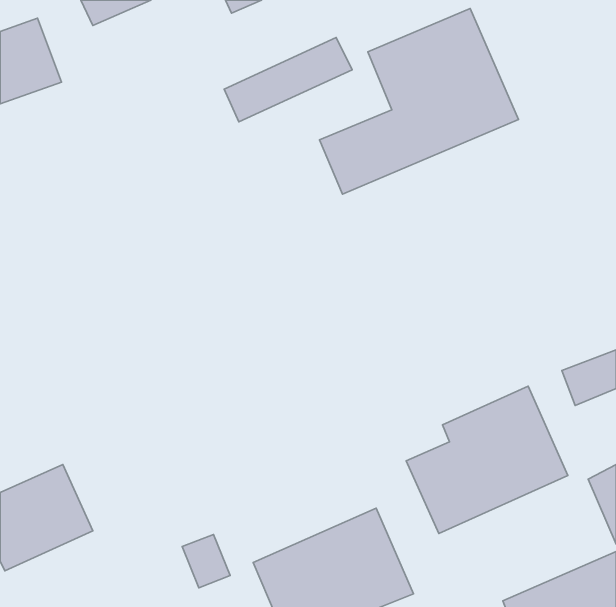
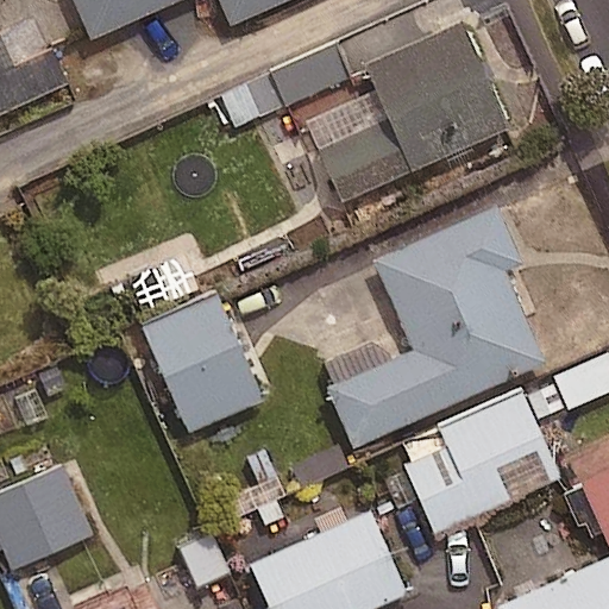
building: none -> [327,203,546,445]
building: none -> [144,295,263,431]

